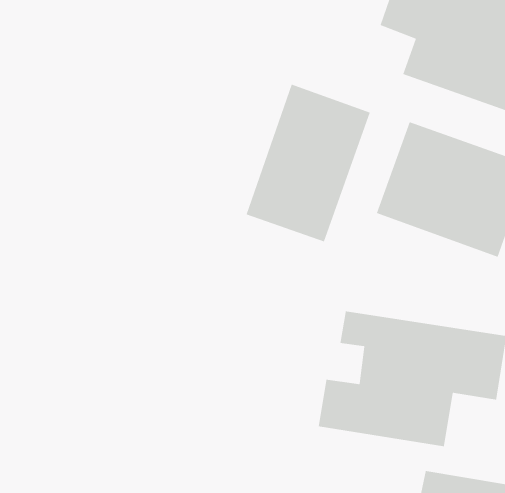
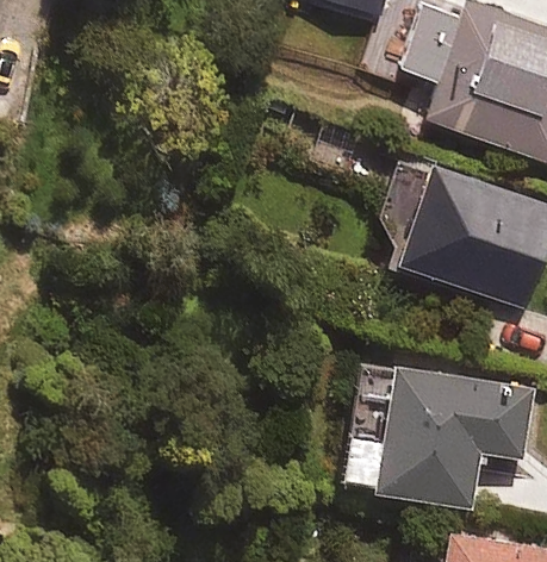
building: [246,84,371,243] -> none

